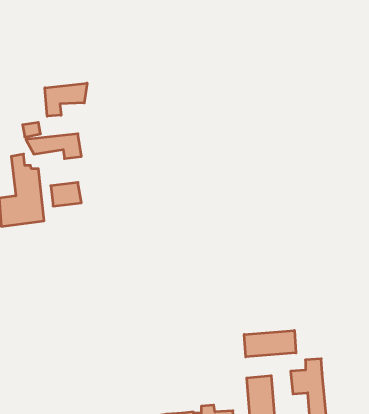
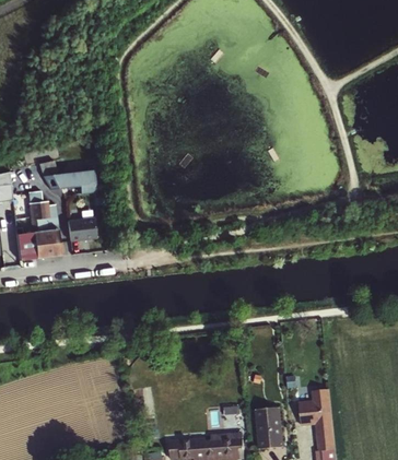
building: [45,83,87,116] -> none
building: [244,330,296,357] -> none

